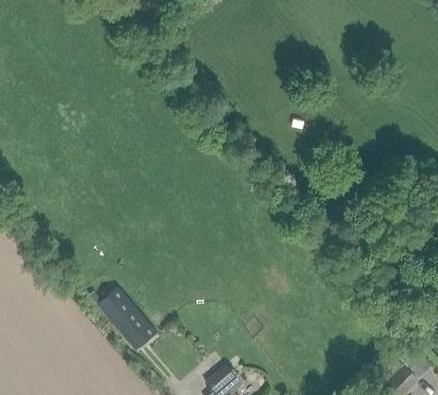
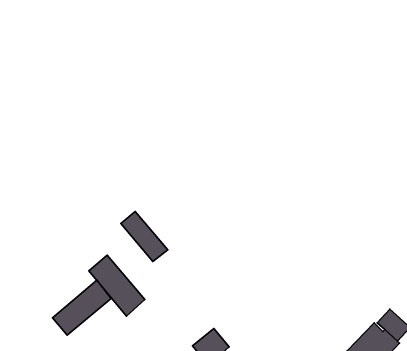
building: none -> [121,212,168,262]
building: none -> [52,280,111,335]

